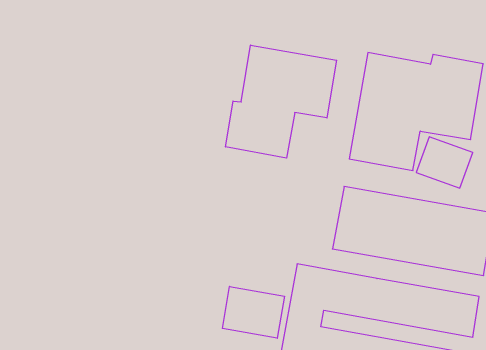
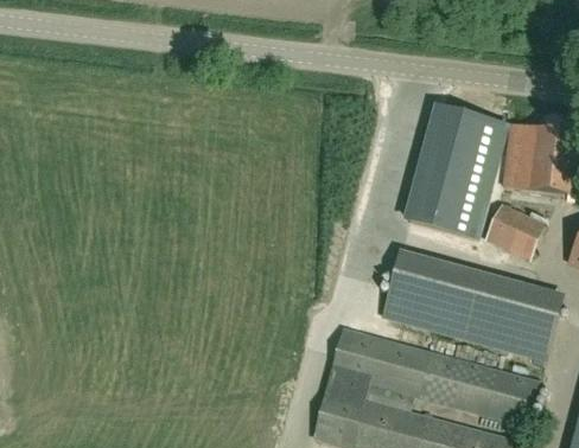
building: [226,45,337,158] -> none
building: [222,286,284,338] -> none

